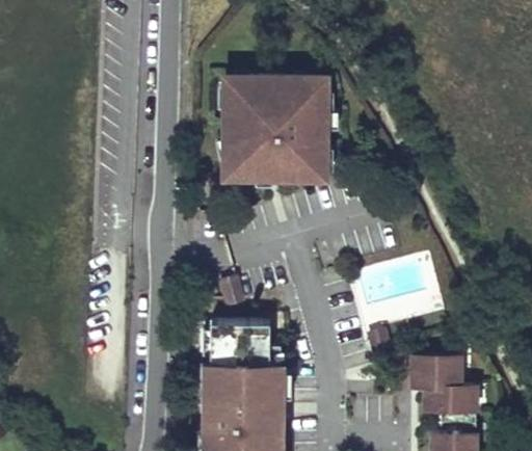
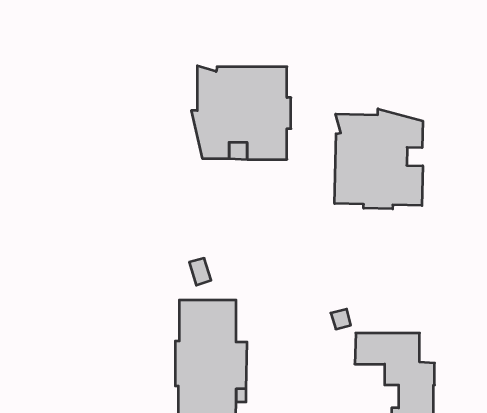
building: none -> [335,109,423,209]

